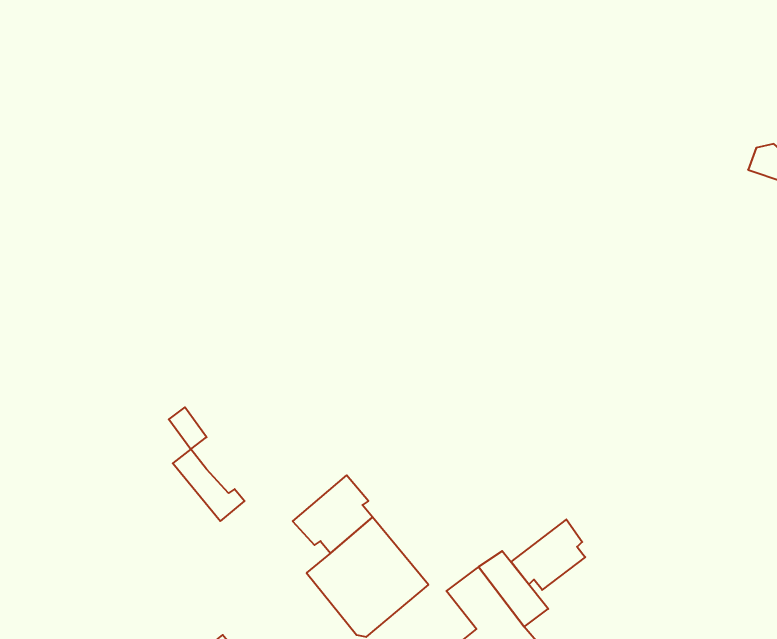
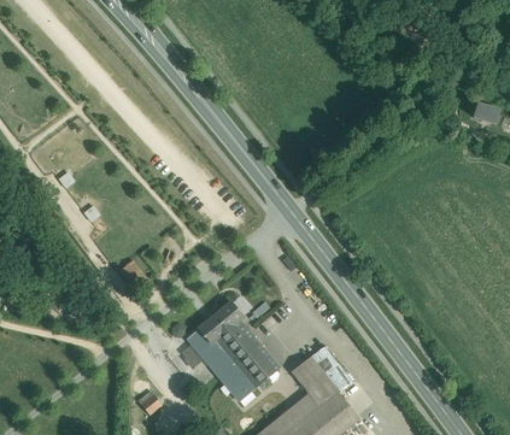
building: [173,449,245,521] -> [176,316,219,359]
building: [511,519,585,590] -> none

